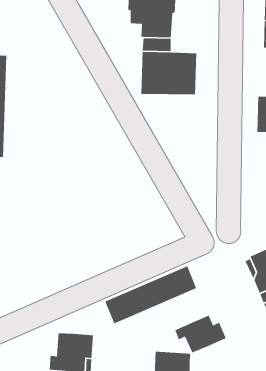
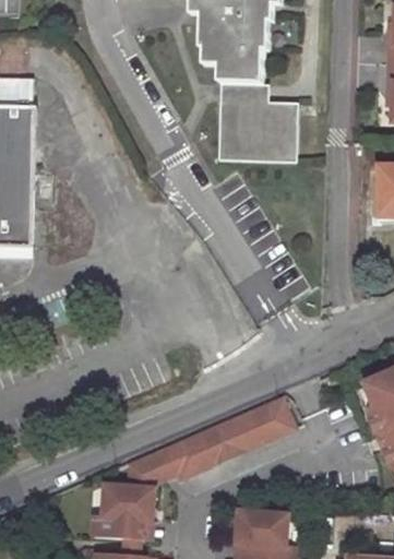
building: none -> [129,442,181,488]
building: [174,314,227,354] -> none

